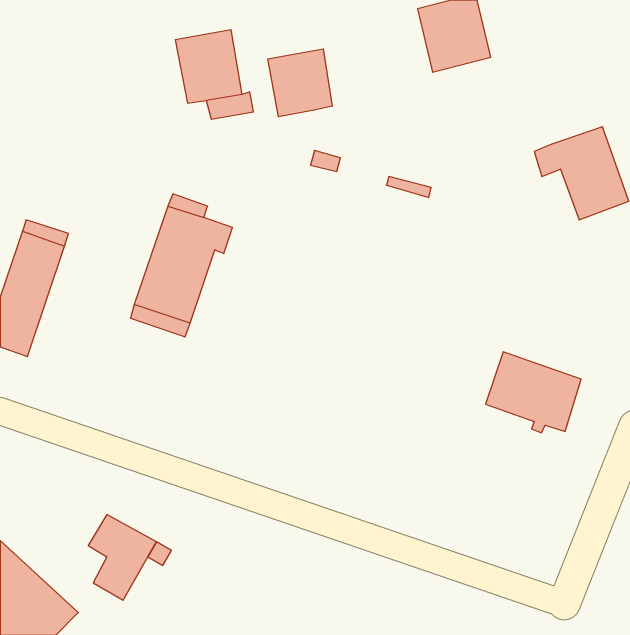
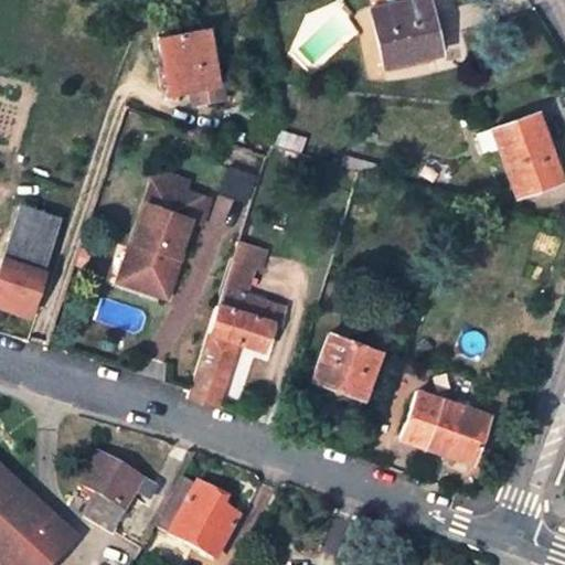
building: [268,49,332,117] -> none
building: none -> [191,242,289,406]
building: [486,352,581,433] -> [404,391,489,462]
building: none -> [316,333,382,395]
building: none -> [159,478,239,557]

